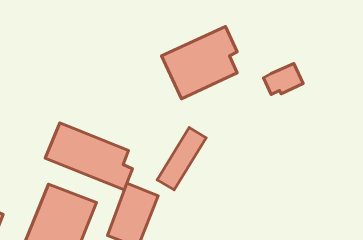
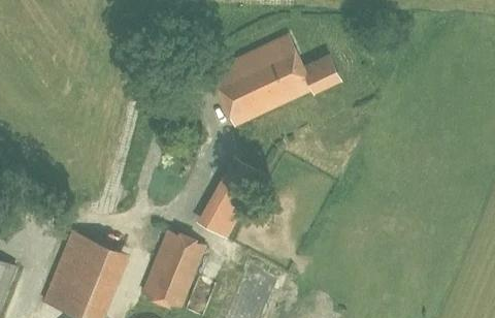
building: [263,63,303,95] -> [292,56,340,94]
building: [45,123,133,190] -> none

